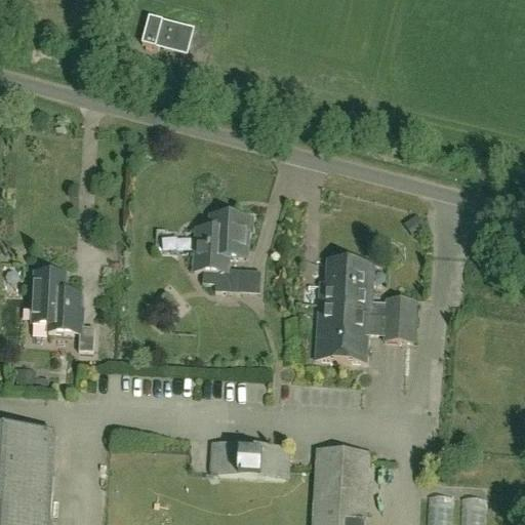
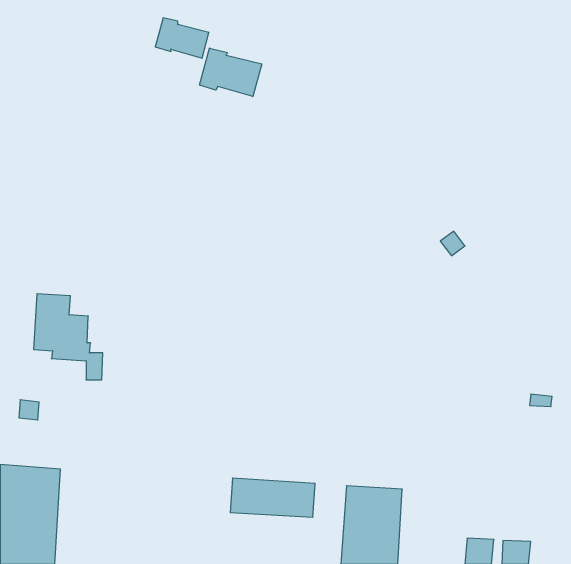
building: none -> [200,48,262,97]
building: [195,211,250,290] -> none
building: [316,258,415,360] -> none

